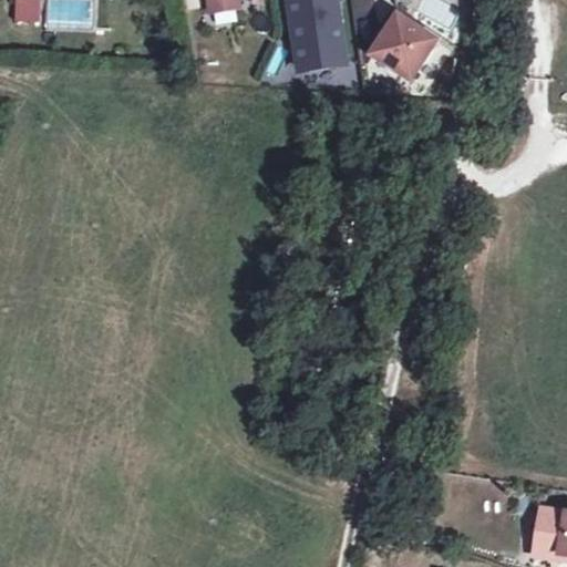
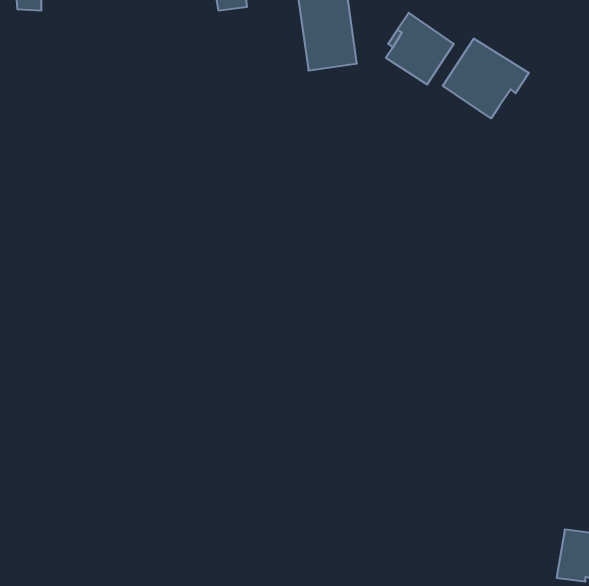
building: none -> [443,38,529,118]

